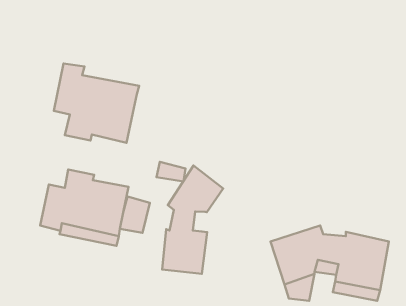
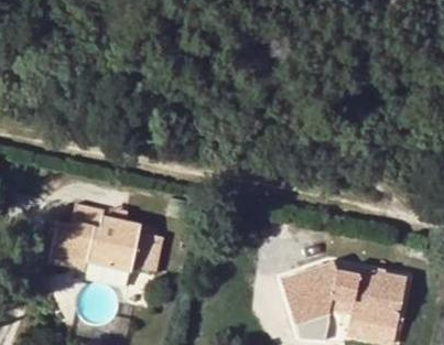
building: [54,63,139,143] -> none
building: [162,166,223,274] -> none

